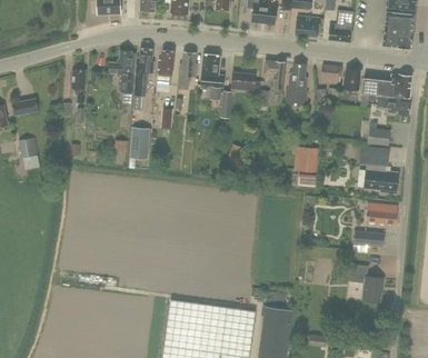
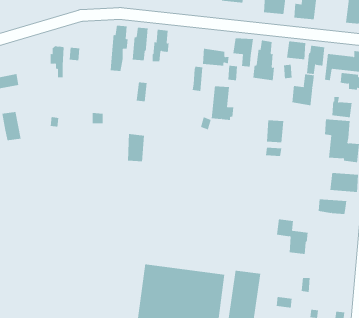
building: [108,50,136,91] -> none
building: [200,53,225,90] -> [211,86,234,120]
building: none -> [292,74,314,106]
building: [130,127,149,157] -> [127,133,145,162]
building: [349,263,384,301] -> [276,219,309,255]

